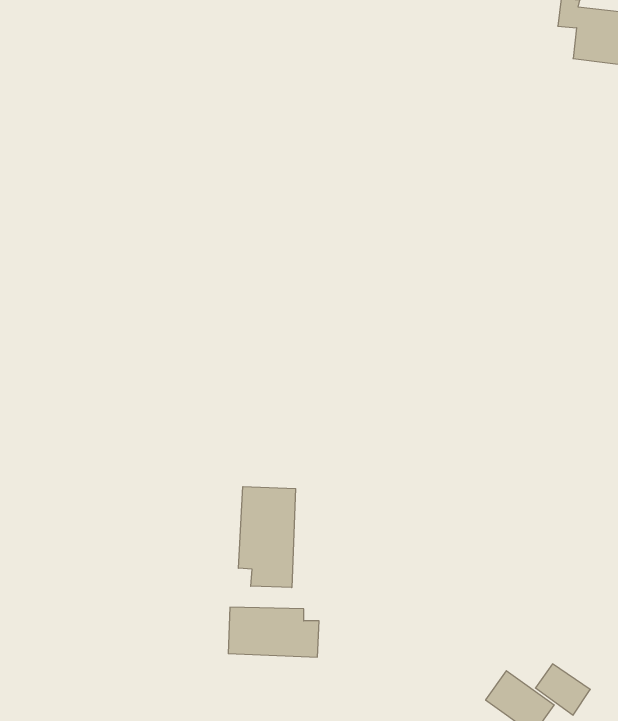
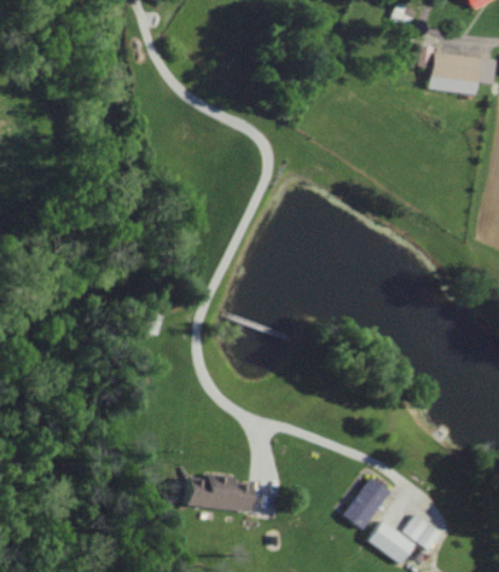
building: [238,487,296,588] -> none
building: none -> [344,478,390,530]

